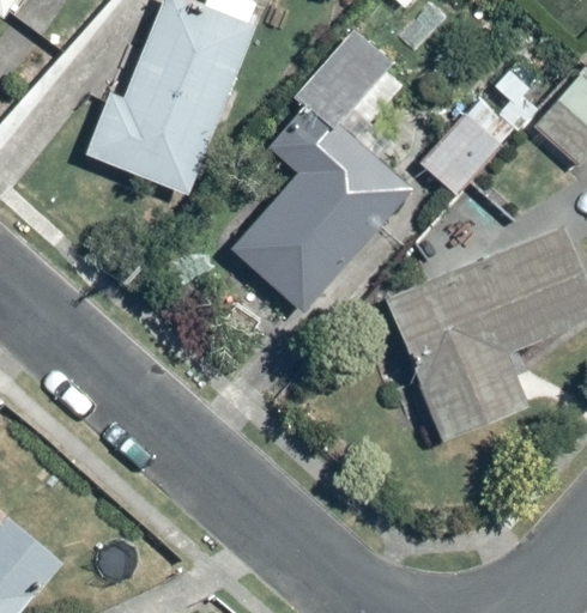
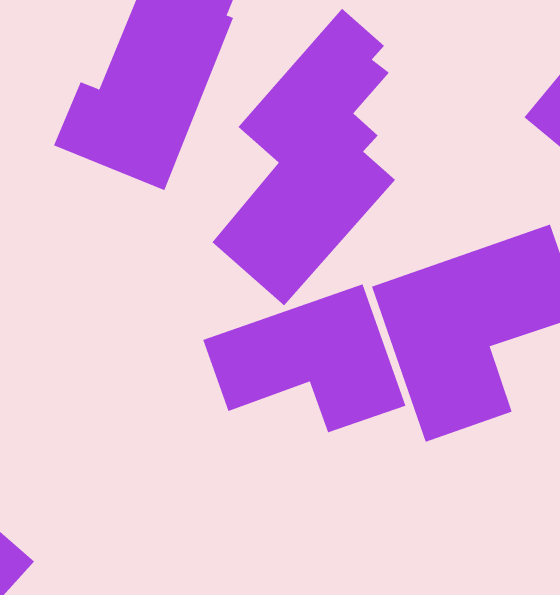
building: [423,96,521,198] -> none
building: none -> [202,283,406,433]

